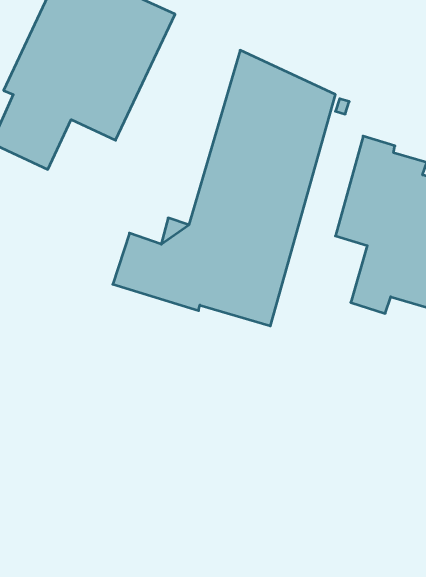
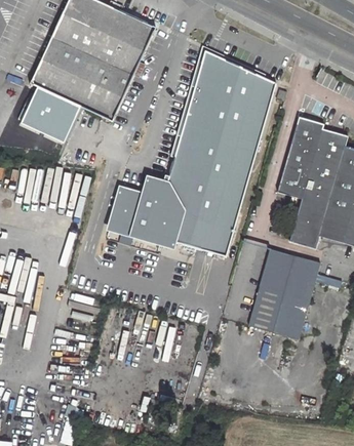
building: none -> [247,249,319,339]

